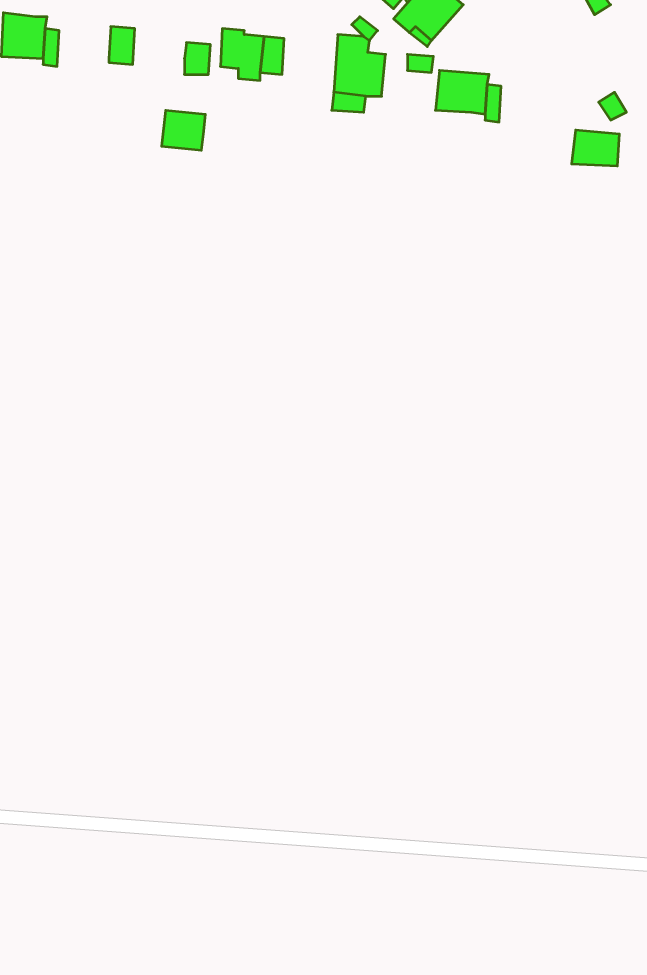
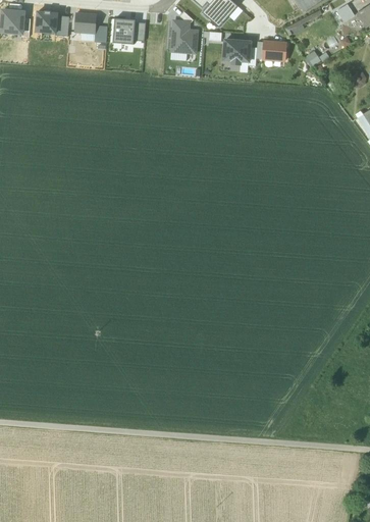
building: none -> [36,10,58,33]
building: [162,110,205,150] -> [74,12,97,33]
building: [572,130,619,166] -> [262,41,286,59]

